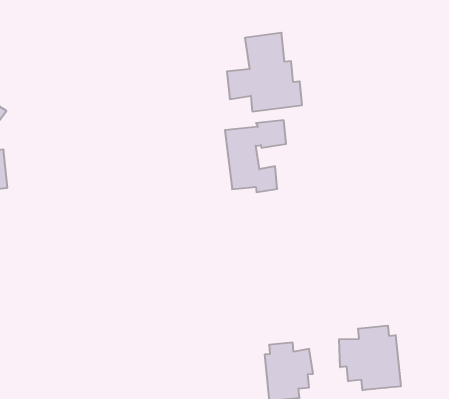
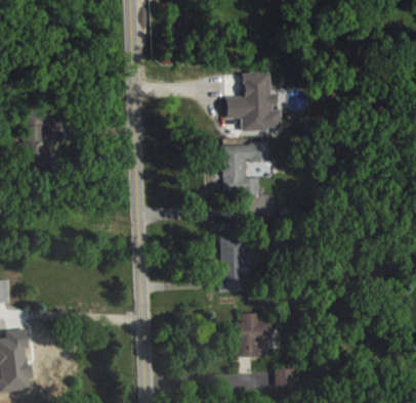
building: none -> [219,237,255,290]
building: [339,326,401,390] -> none

